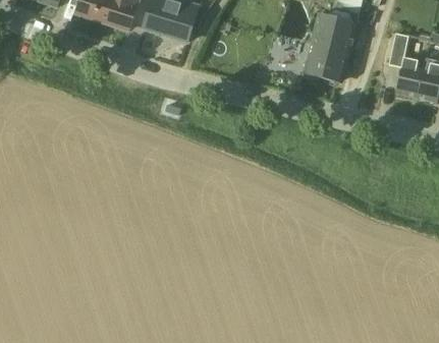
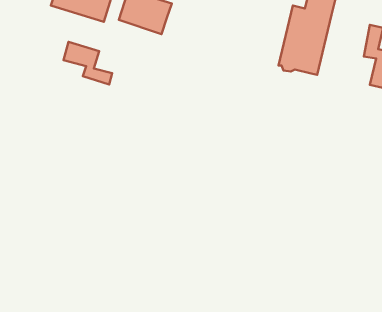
building: none -> [63,42,112,85]

